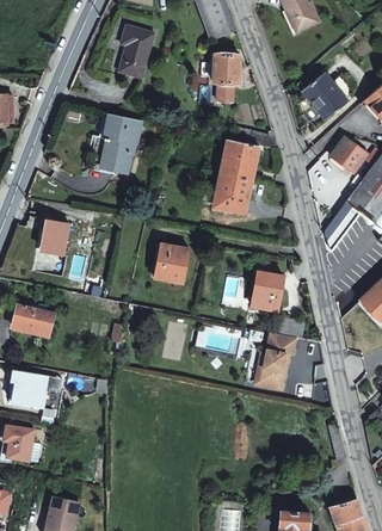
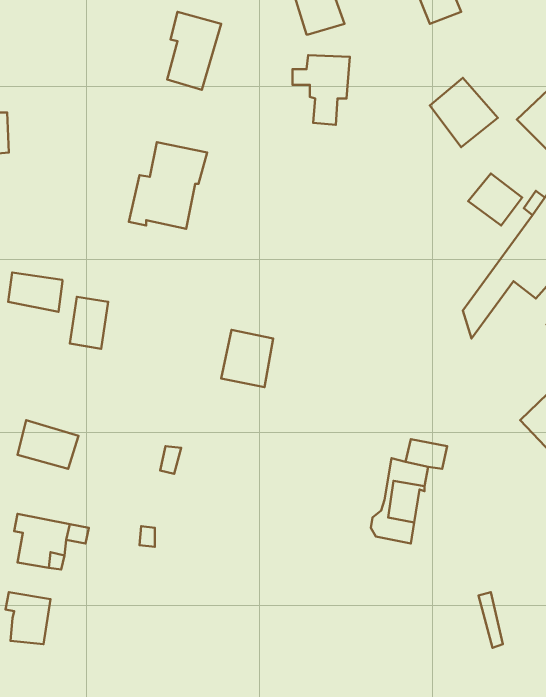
building: [208,136,258,214] -> none
building: none -> [8,272,63,312]
building: [251,270,284,309] -> none

